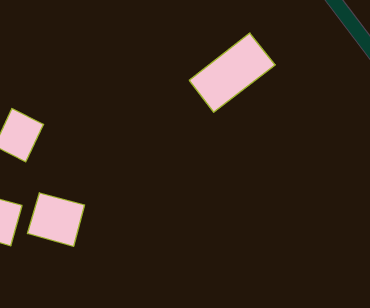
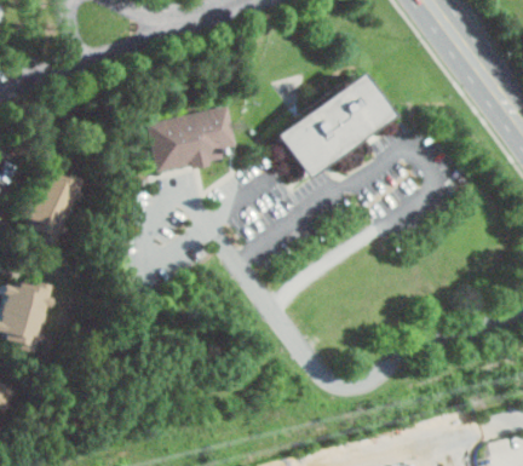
building: none -> [149,104,236,172]
building: [28,193,85,246] -> none

